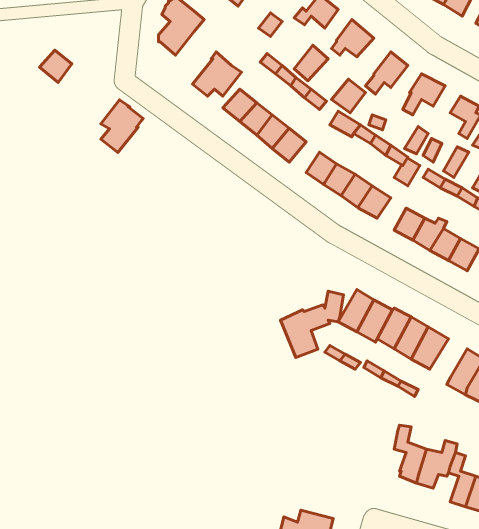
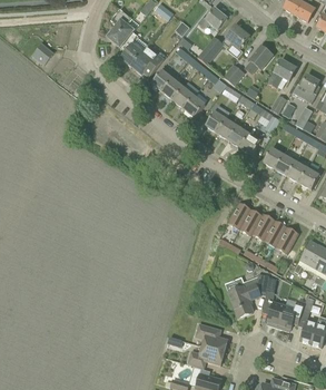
building: [101,100,143,153] -> [120,32,148,67]
building: [281,291,343,357] -> [228,274,269,318]
building: none -> [196,324,228,352]

